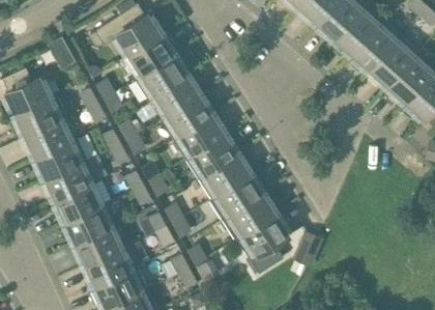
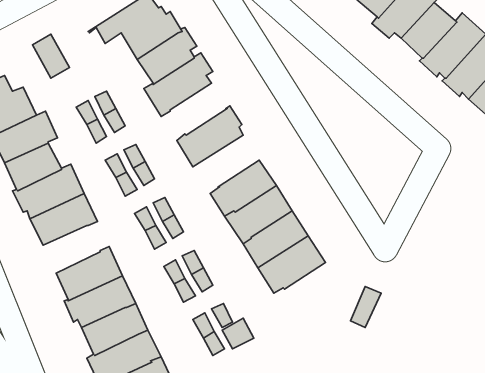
building: [154,75,199,115] -> none
building: [172,115,224,161] -> none
building: [55,186,99,223] -> none
building: [235,215,288,274] -> none

